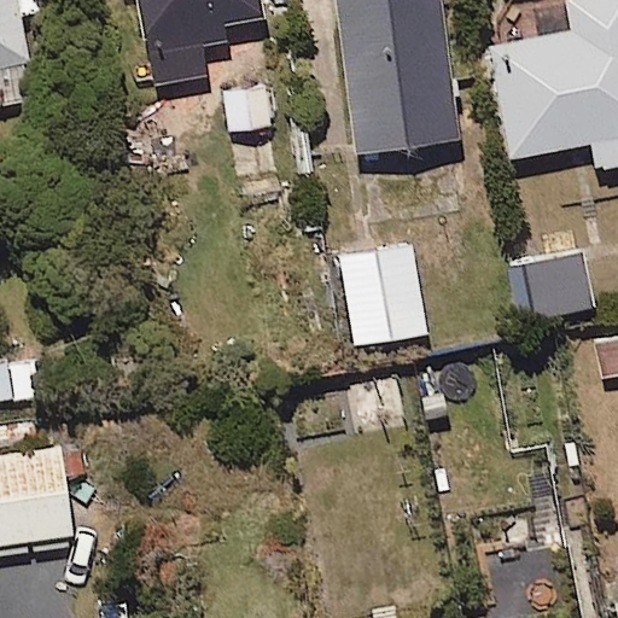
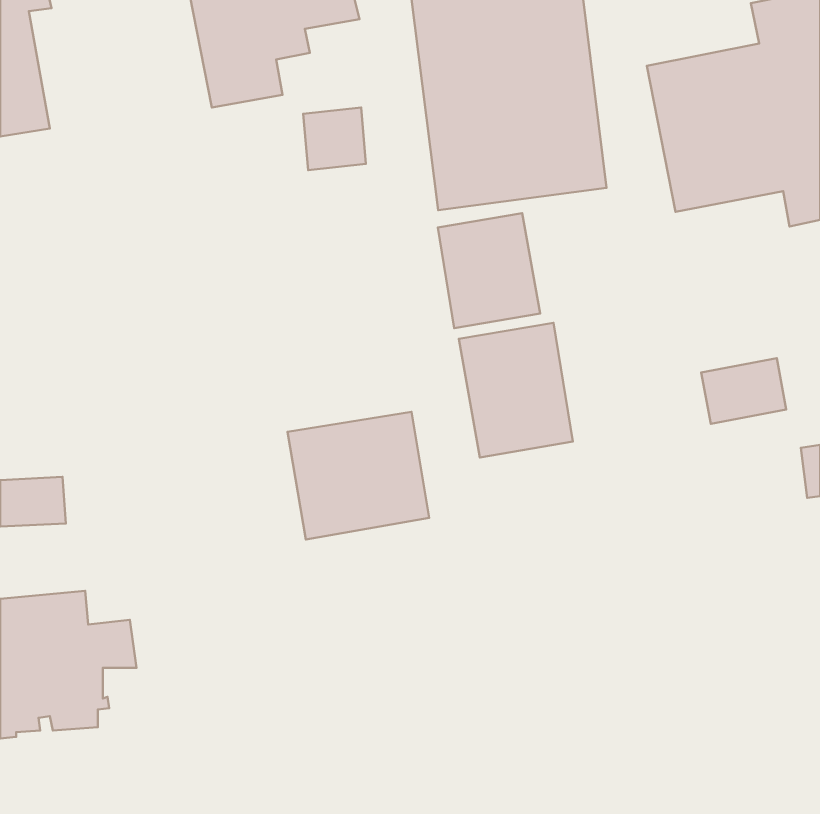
building: none -> [438,213,540,328]
building: none -> [288,412,429,540]

